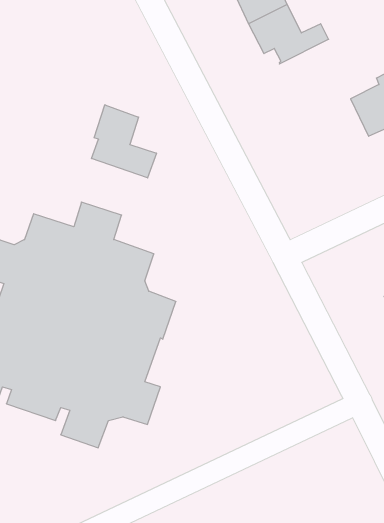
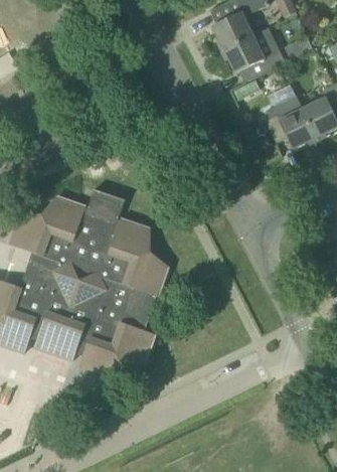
building: none -> [266,95,317,149]
building: [92,105,156,178] -> none

